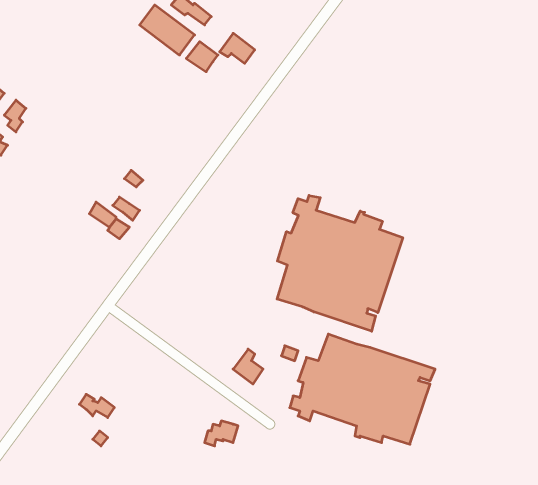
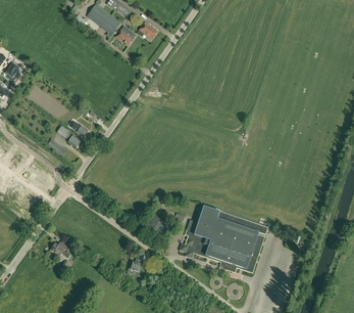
building: [277,195,403,331] -> none

